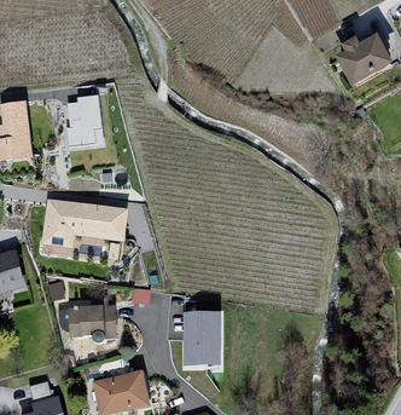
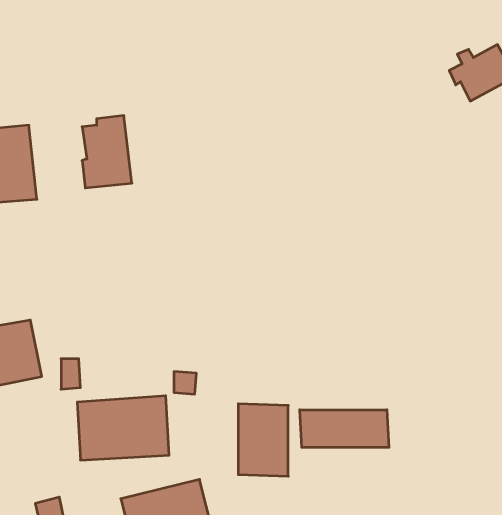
building: [39,196,126,247] -> none
building: none -> [300,410,389,447]

